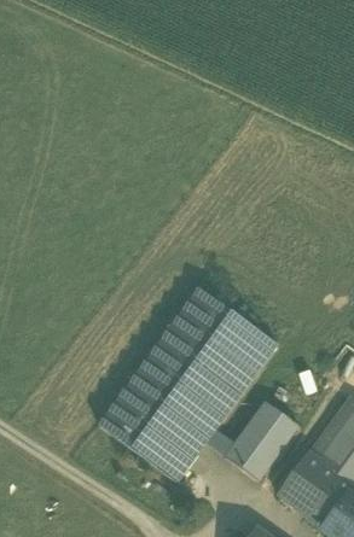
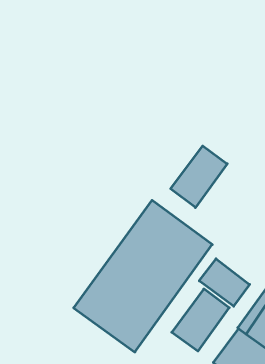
building: none -> [171,146,227,208]
building: none -> [199,259,250,306]

